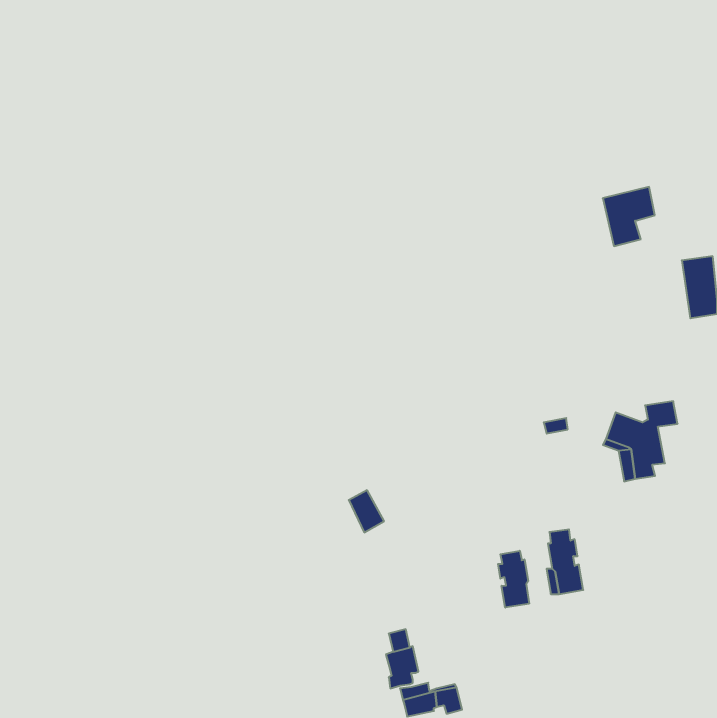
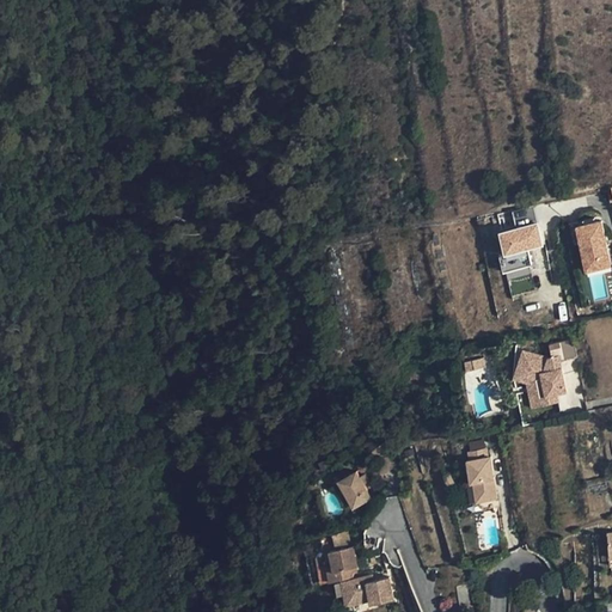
building: [603,187,655,246] -> [500,220,544,270]
building: [349,490,384,532] -> [336,476,366,512]
building: [498,551,529,608] -> none

